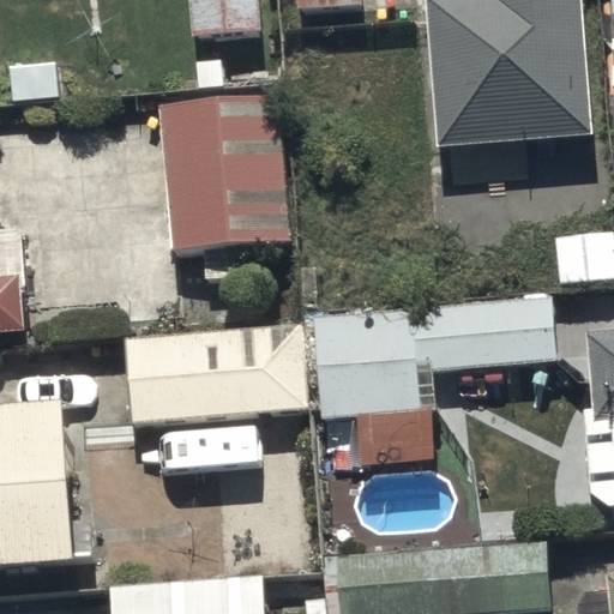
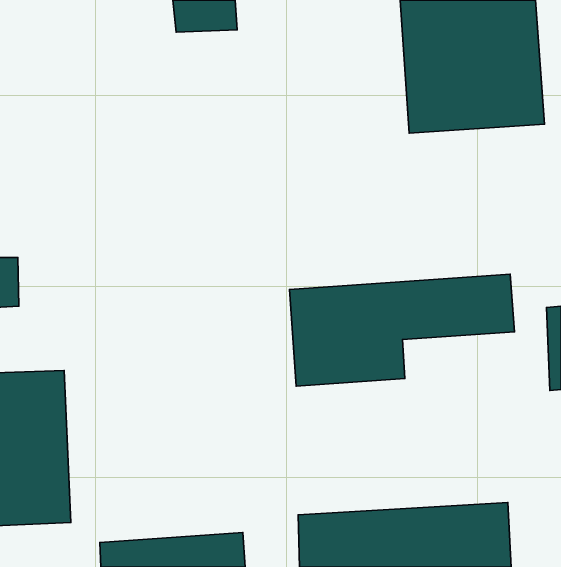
building: [157,100,289,254] -> none
building: [124,325,307,423] -> none

